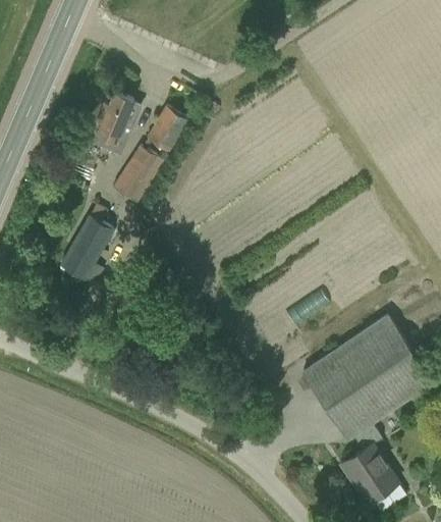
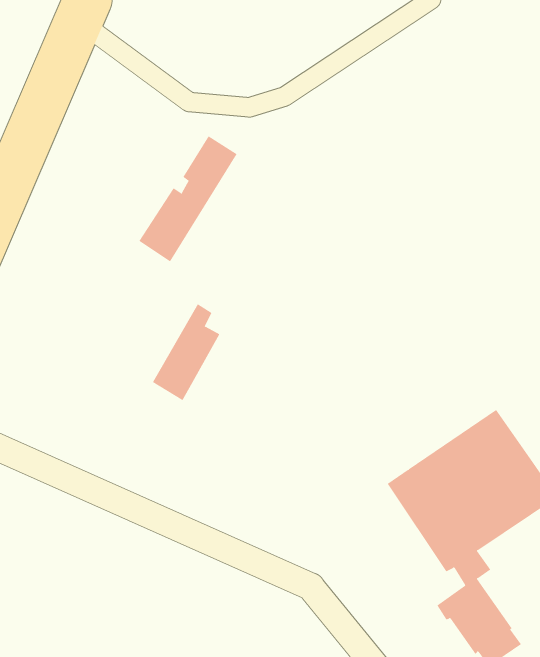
building: [96,92,141,155] -> none
building: [60,205,112,279] -> [152,304,220,401]

